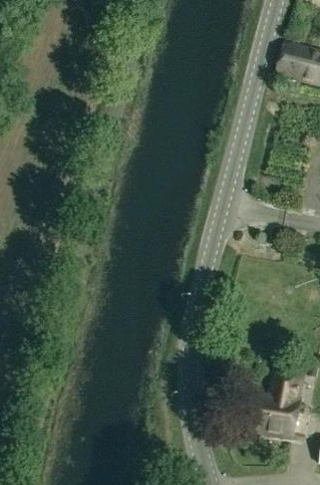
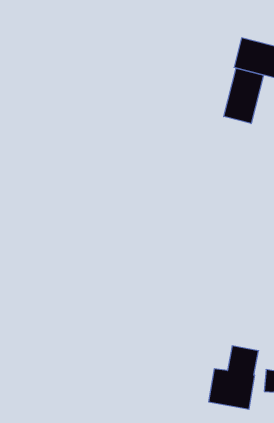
building: none -> [224,68,263,124]

